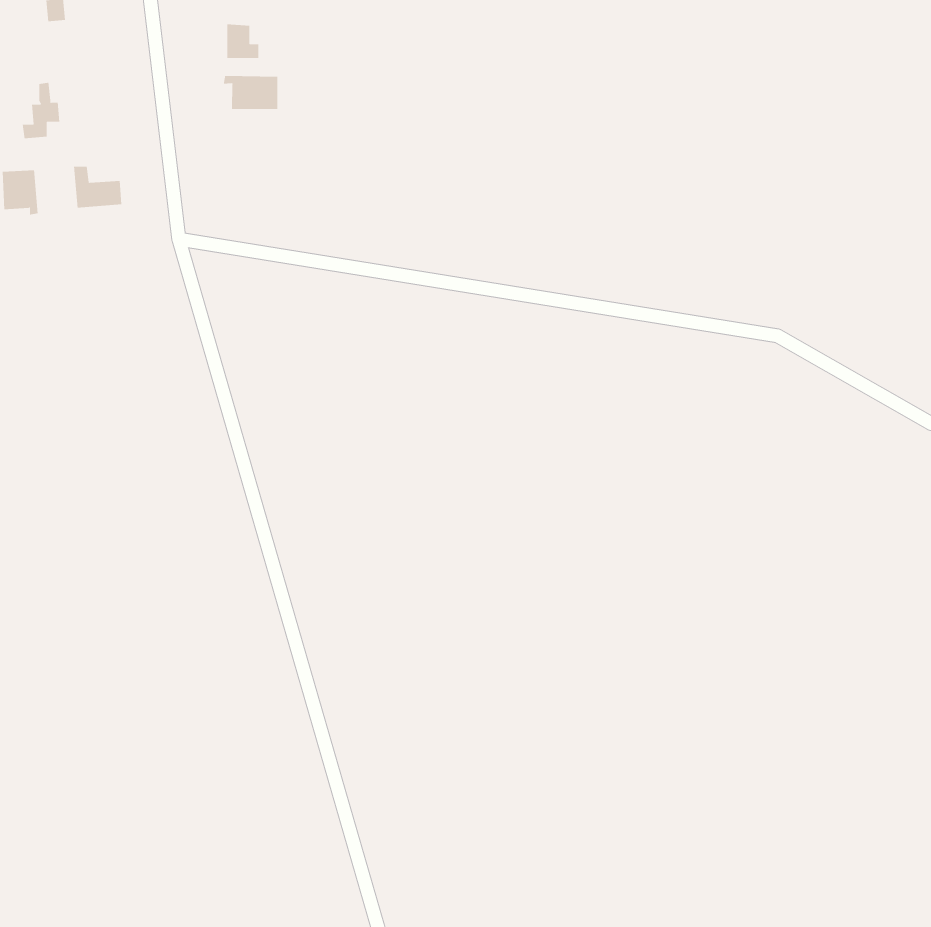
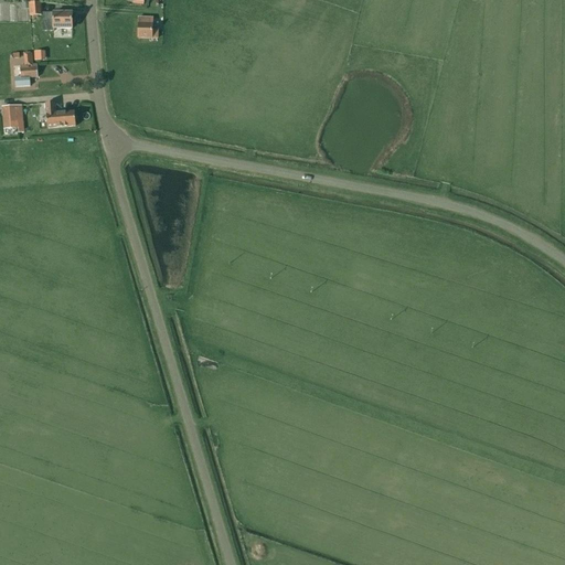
building: none -> [42,10,71,29]
building: [223,75,278,110] -> none

